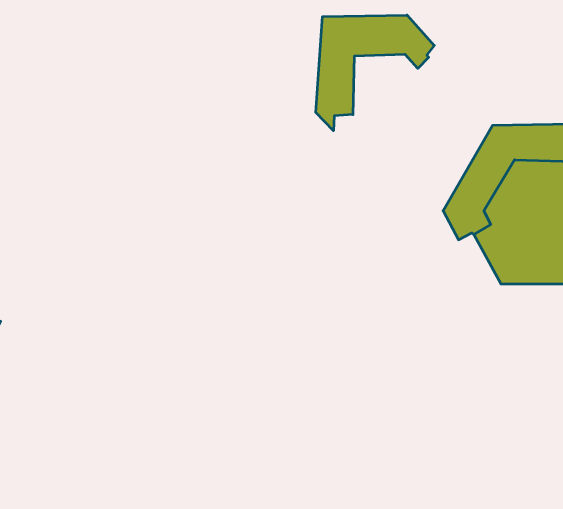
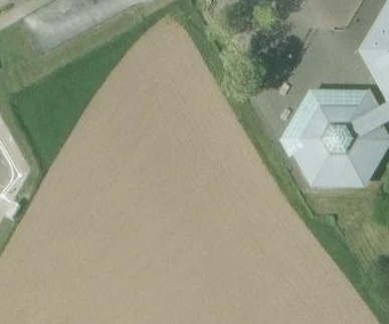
building: [316,15,434,131] -> none

